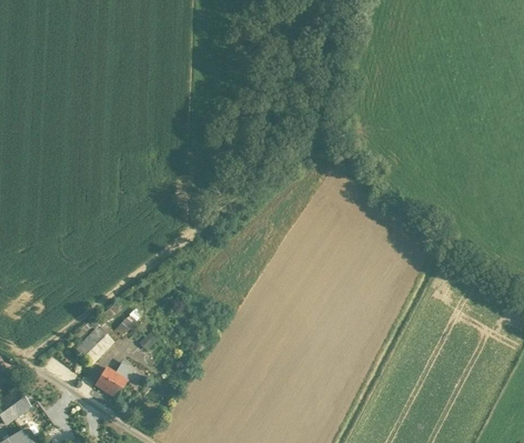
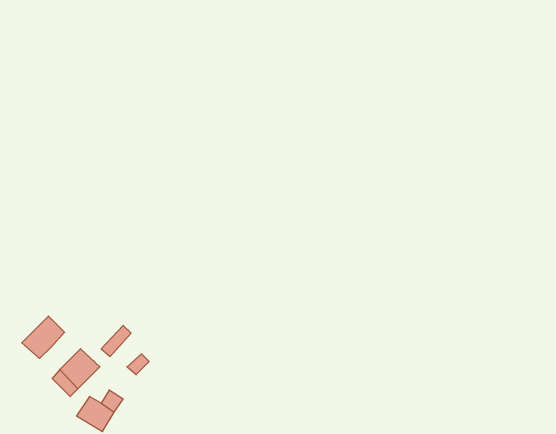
building: none -> [22,316,65,358]

